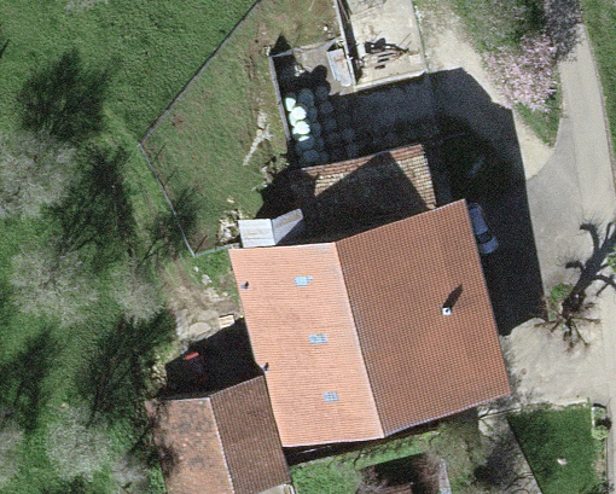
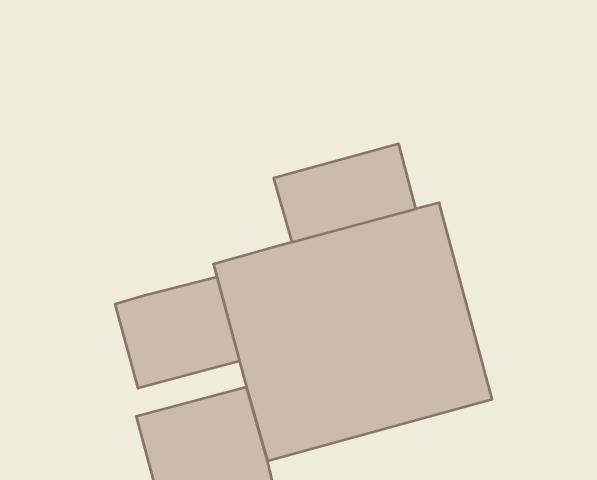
building: none -> [115,277,240,388]

